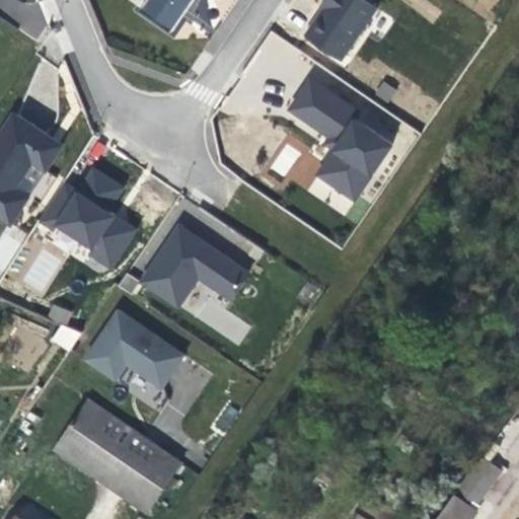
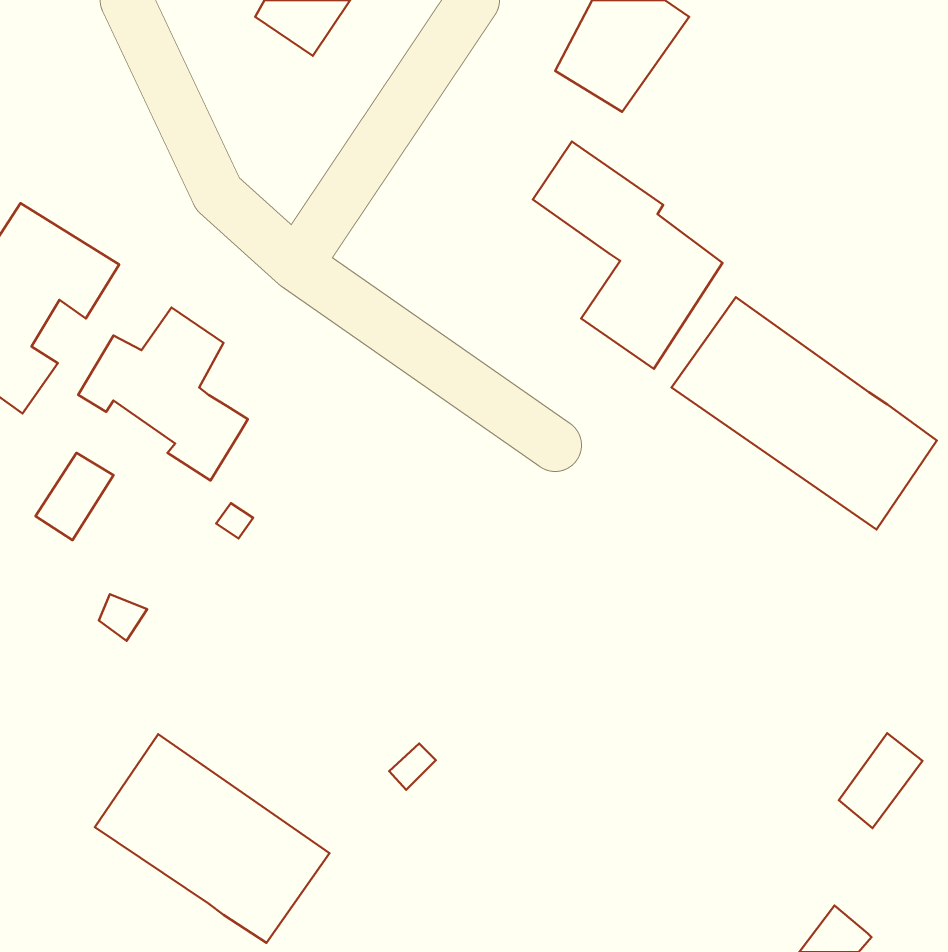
building: none -> [672,297,937,530]
building: [143,228,247,304] -> none
building: [85,310,184,387] -> none
building: [454,456,500,508] -> [839,733,923,828]

